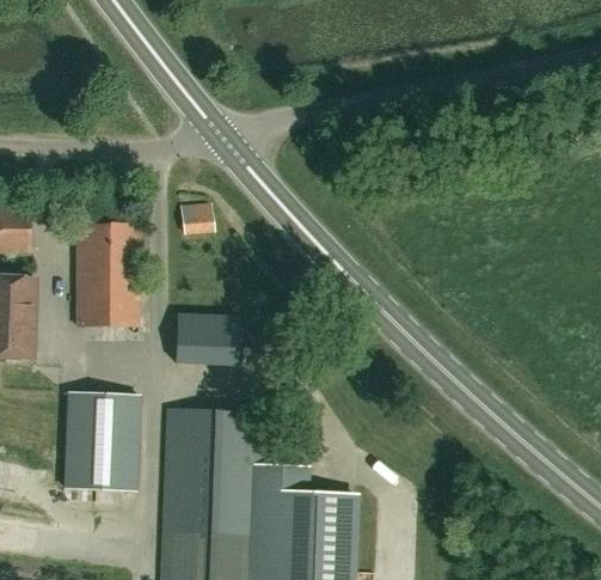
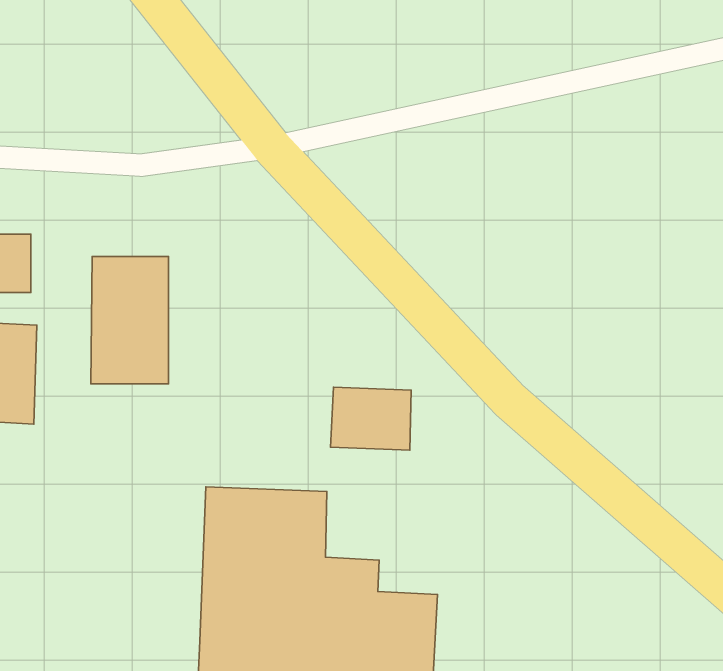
building: [178,201,215,236] -> none
building: [174,313,239,364] -> [331,387,411,450]
building: [66,393,137,492] -> none

